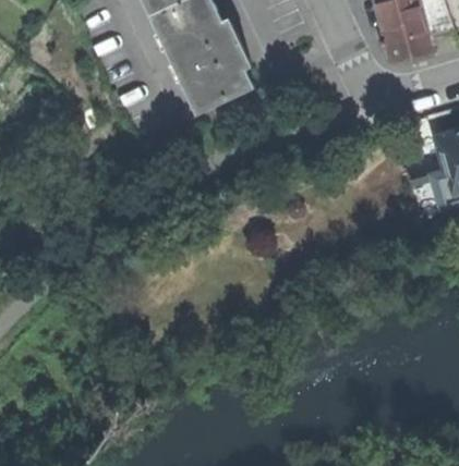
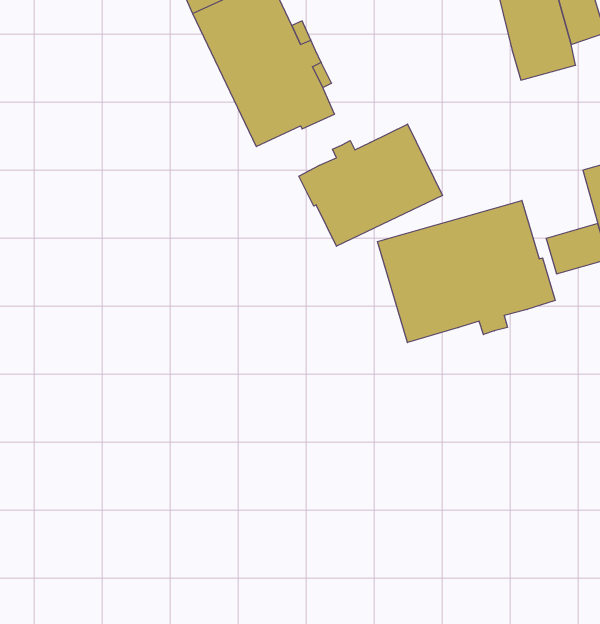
building: none -> [299,124,443,246]
building: none -> [377,200,555,343]

